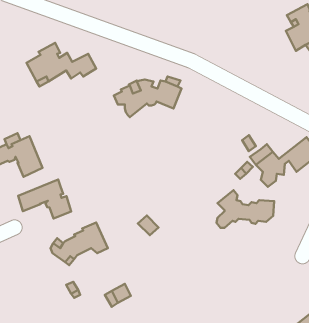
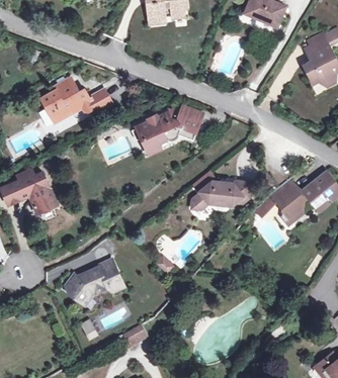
building: [18,180,71,218] -> none
building: [217,190,274,228] -> [191,170,250,208]

